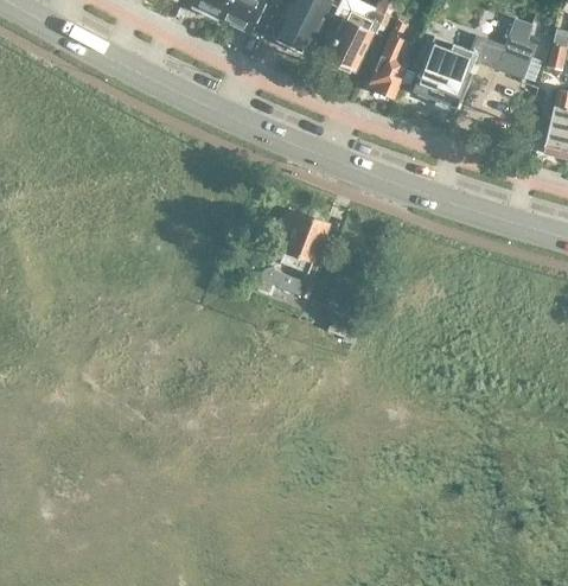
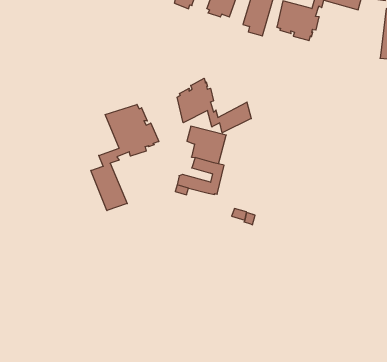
building: none -> [177,78,251,133]
building: none -> [91,104,159,211]

